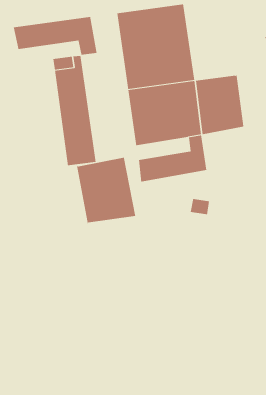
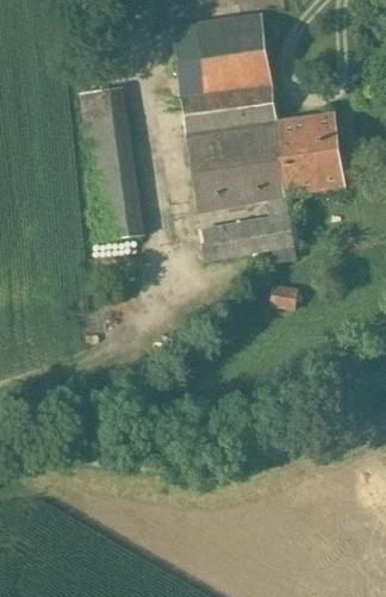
building: [13,16,97,55] -> none
building: [76,157,136,224] -> none

